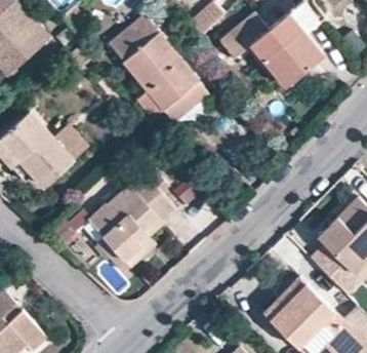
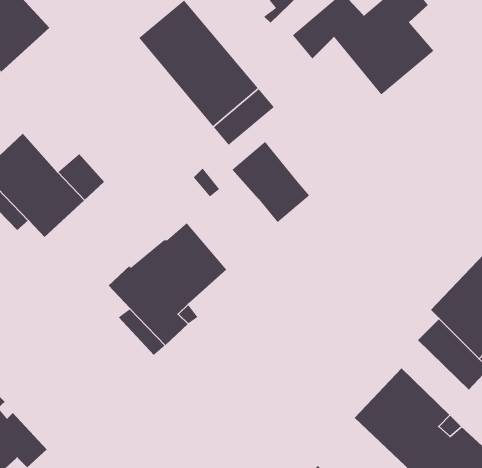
building: none -> [231,141,310,223]

